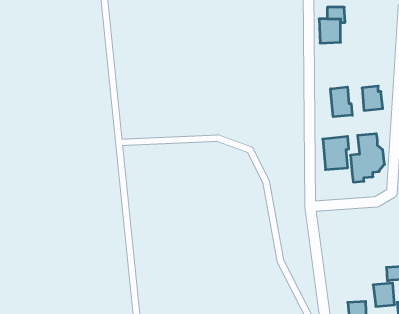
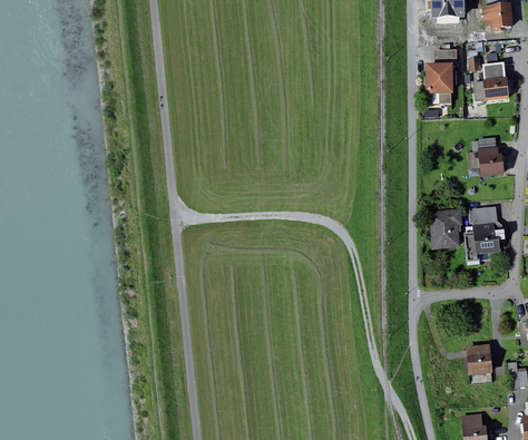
building: none -> [481,63,508,101]
building: [331,87,352,117] -> none
building: [373,283,395,306] -> [467,346,493,375]

